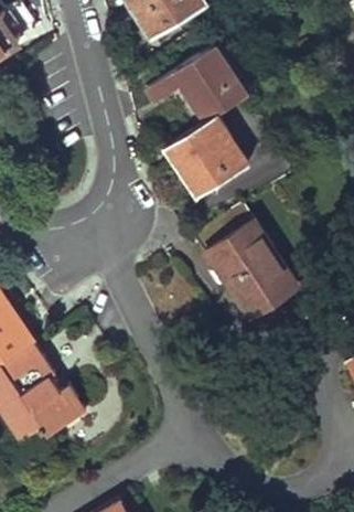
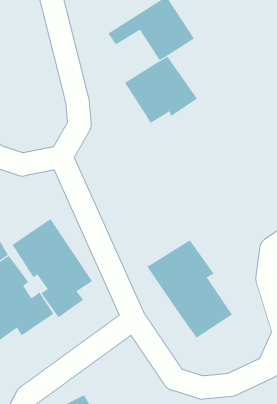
building: [193,203,291,316] -> [147,240,233,339]
building: none -> [12,218,93,318]

